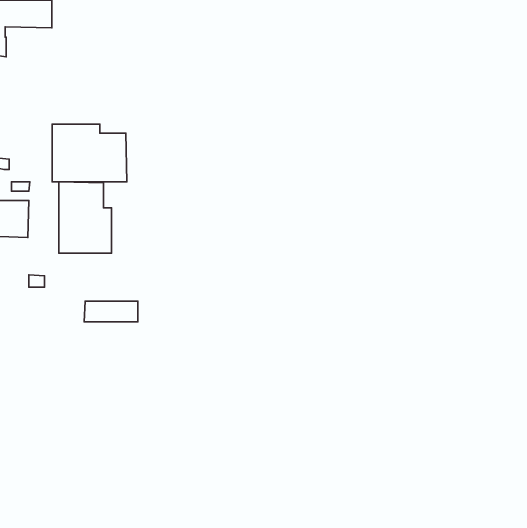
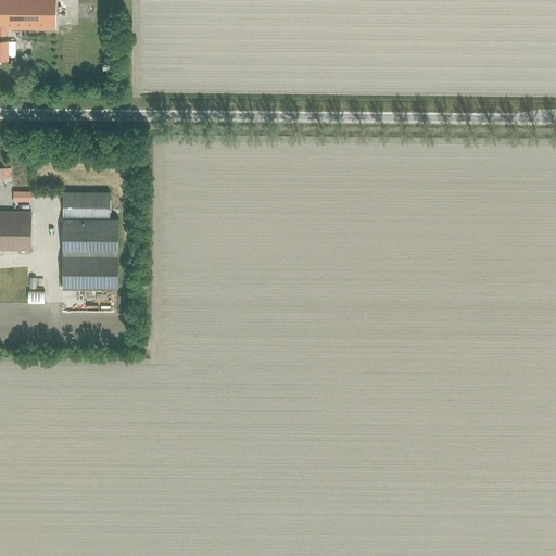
building: [52,124,127,182] -> none
building: [84,301,138,322] -> [61,266,117,288]

